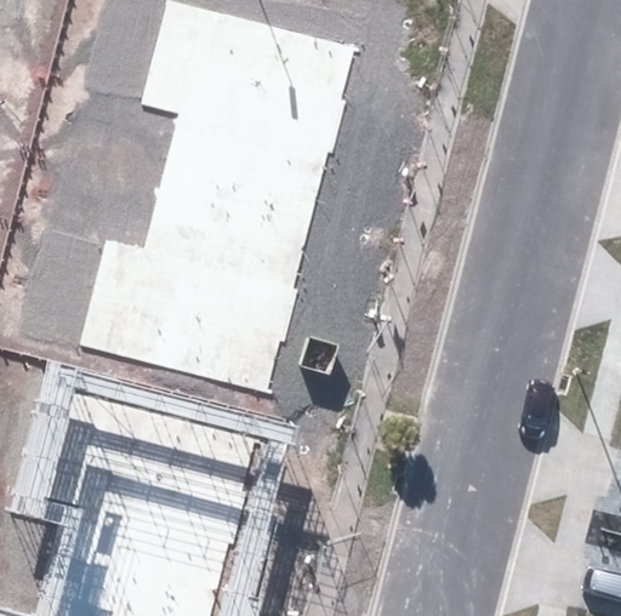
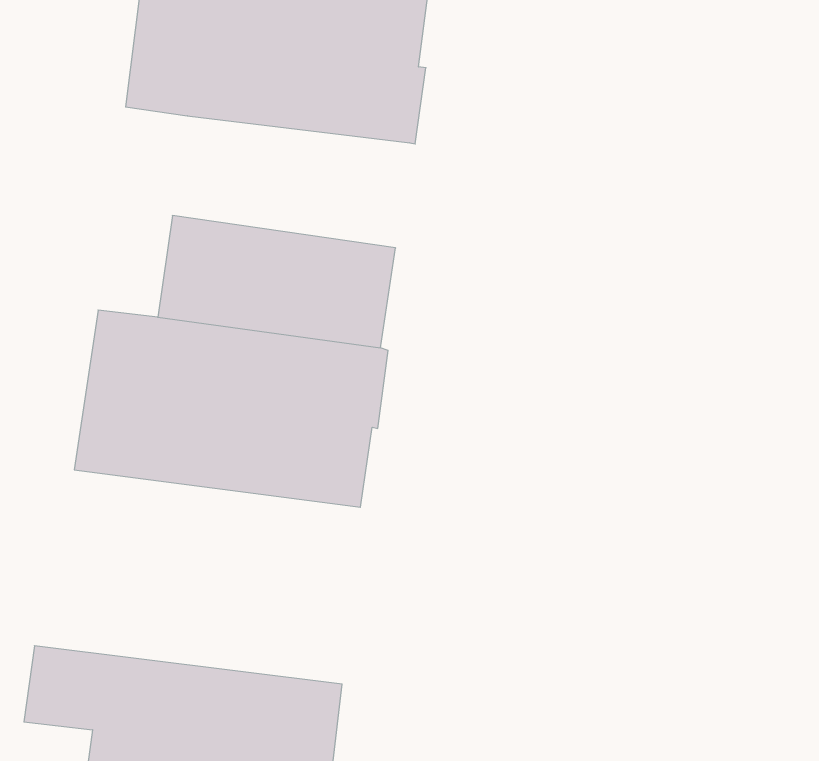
building: [161,113,329,219] -> none
building: [33,382,257,512] -> none

